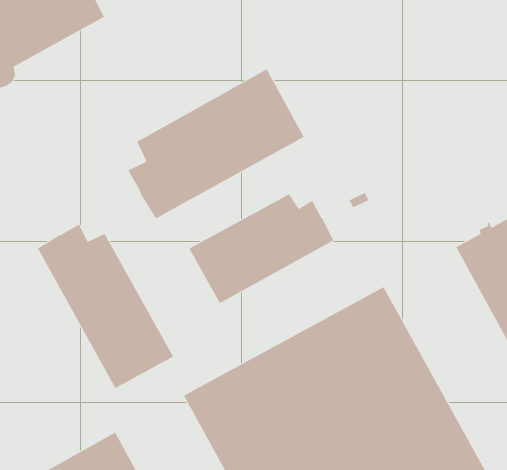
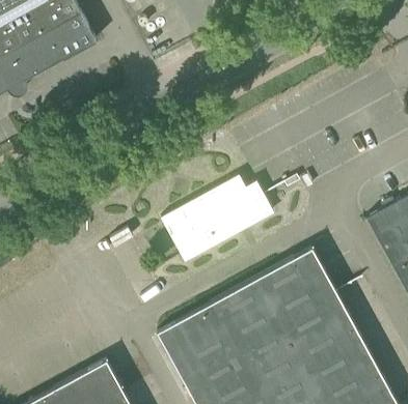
building: [128,69,304,219] -> none
building: [37,224,174,389] -> none

